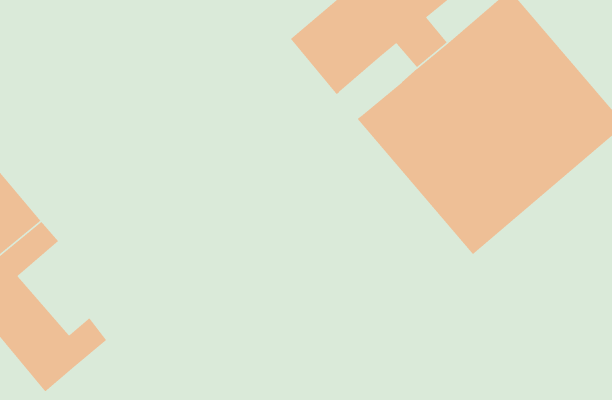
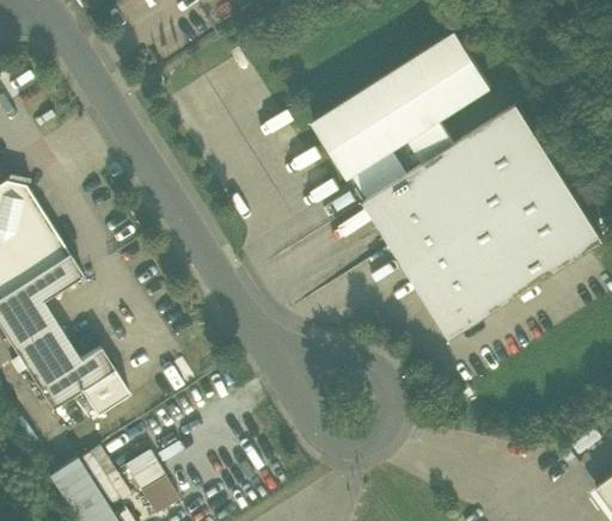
building: none -> [350,149,406,200]
building: none -> [79,369,127,413]

